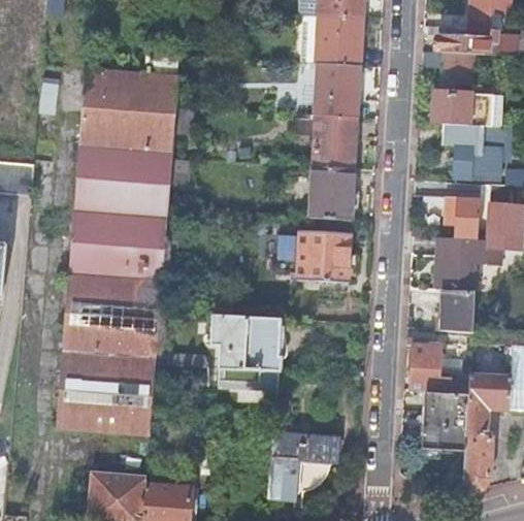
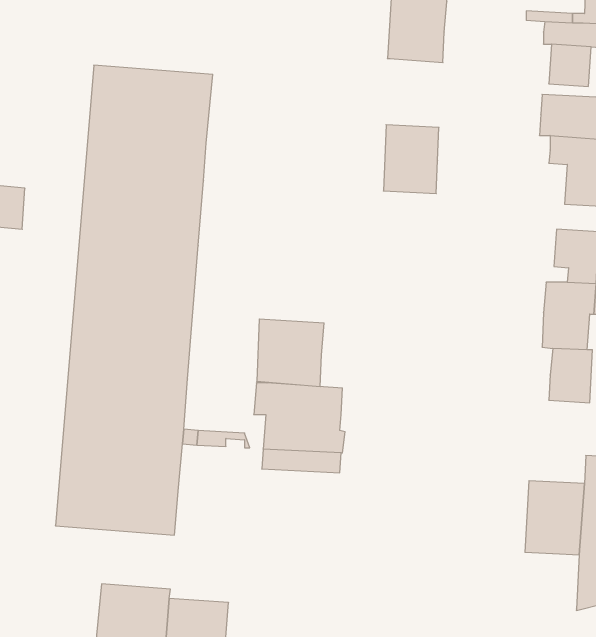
building: [315,62,359,116] -> none
building: [309,165,354,219] -> none
building: [298,229,351,282] -> [257,319,324,387]
building: [406,336,471,393] -> none
building: [269,430,339,499] -> none

